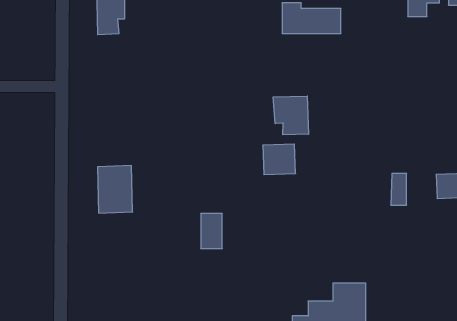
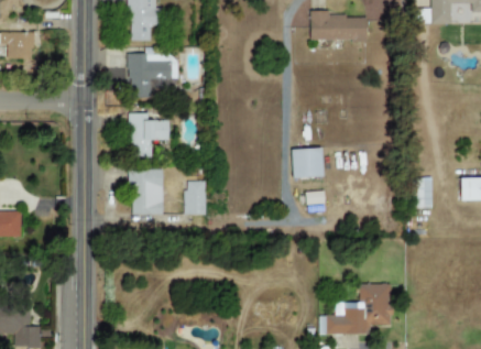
building: none -> [130,52,172,97]
building: [273,96,309,135] -> none
building: none -> [130,112,171,156]
building: [201,214,222,249] -> [186,181,207,215]

